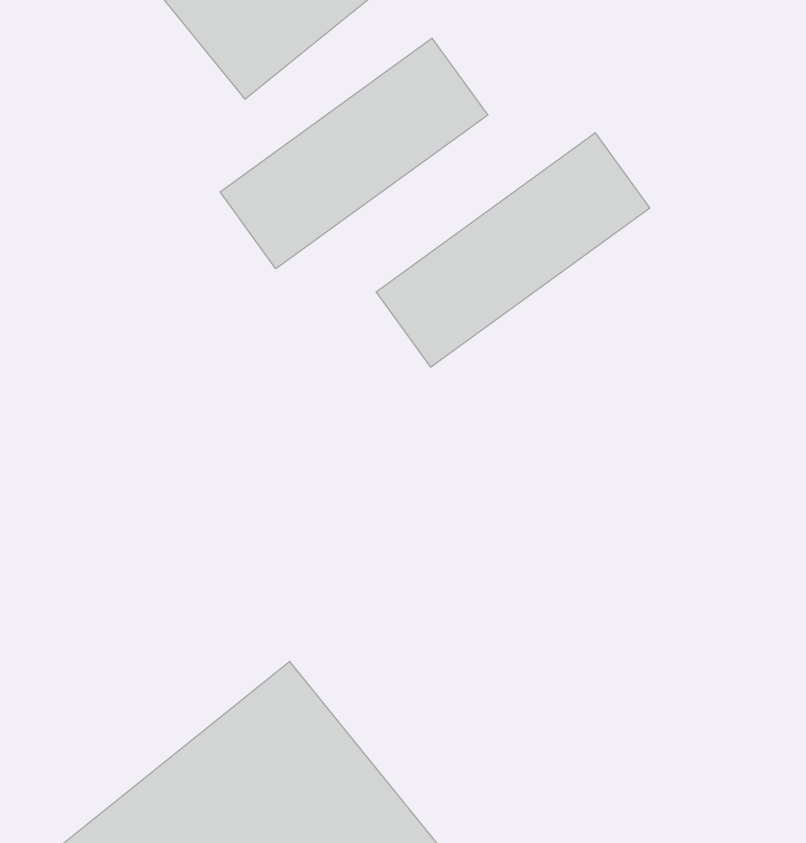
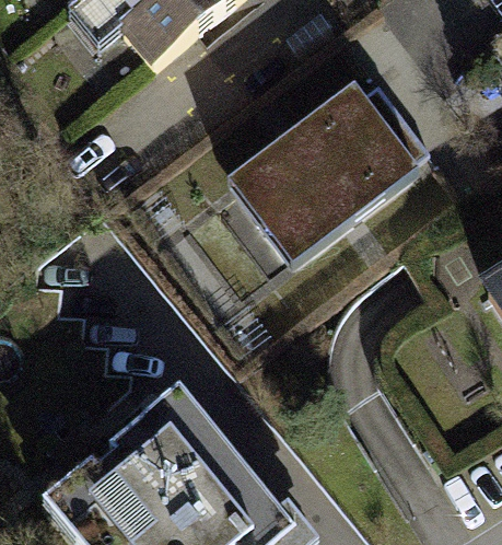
building: [220,38,488,269] -> none
building: none -> [260,125,420,260]

